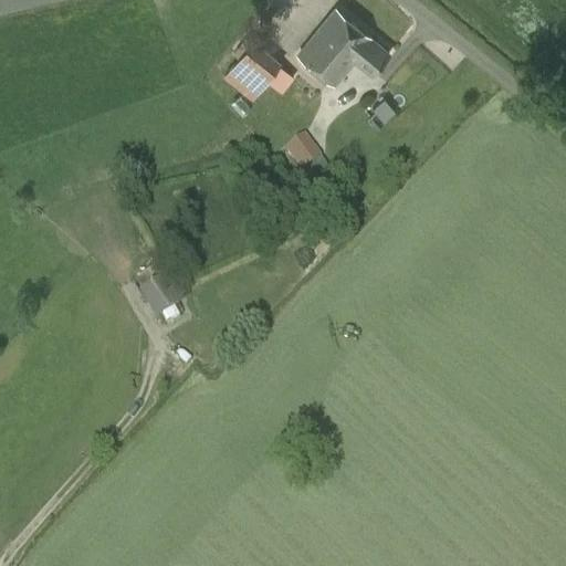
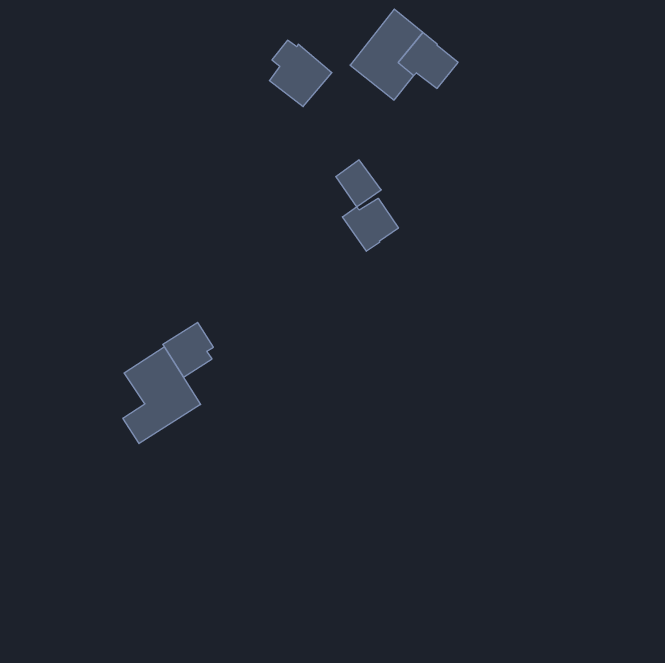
building: none -> [342,198,398,251]
building: none -> [123,347,201,444]

